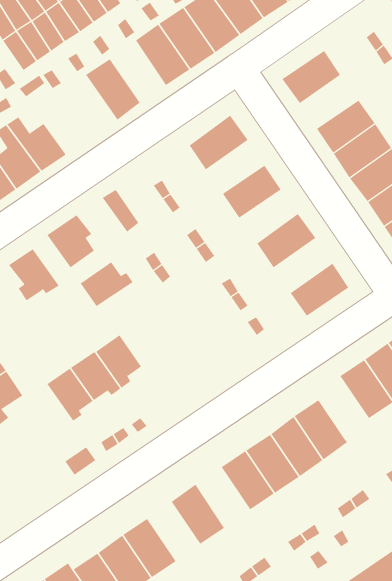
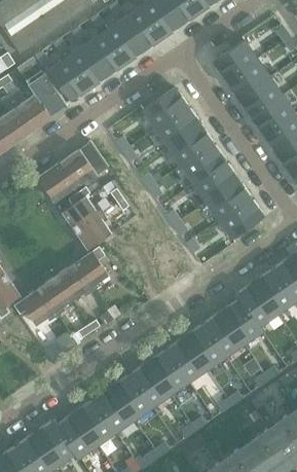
building: none -> [84,32,125,78]
building: none -> [47,58,89,104]
building: none -> [225,58,269,98]
building: none -> [31,76,66,116]
building: none -> [155,106,199,146]
building: none -> [180,143,224,183]
building: none -> [206,179,250,220]
building: [8,249,59,301] -> [60,149,98,188]
building: none -> [74,212,111,249]
building: none -> [236,282,276,327]
building: none -> [13,288,57,325]
building: none -> [148,350,188,395]
building: none -> [112,375,151,420]

